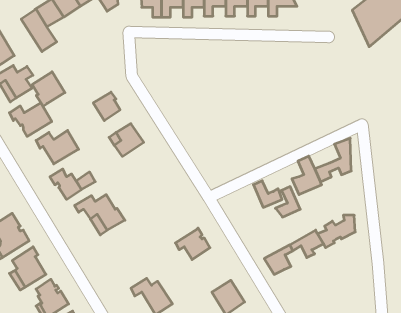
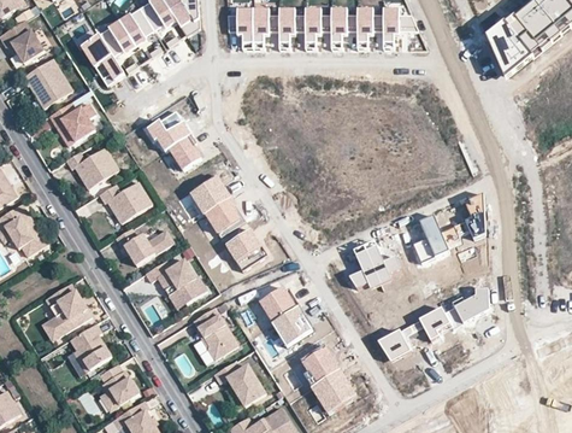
building: [32,72,65,106] -> [151,110,190,152]
building: none -> [205,197,244,236]
building: none -> [224,230,266,271]
building: [275,187,300,217] -> [346,248,376,286]
building: none -> [255,283,295,320]
building: none -> [193,309,237,361]
building: none -> [297,341,336,380]

